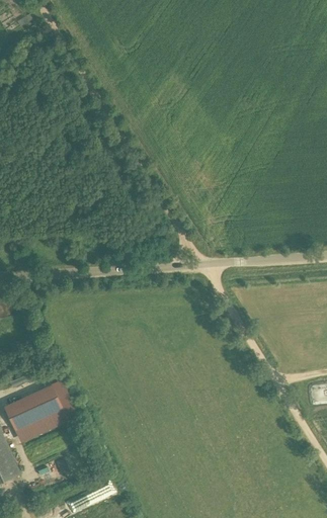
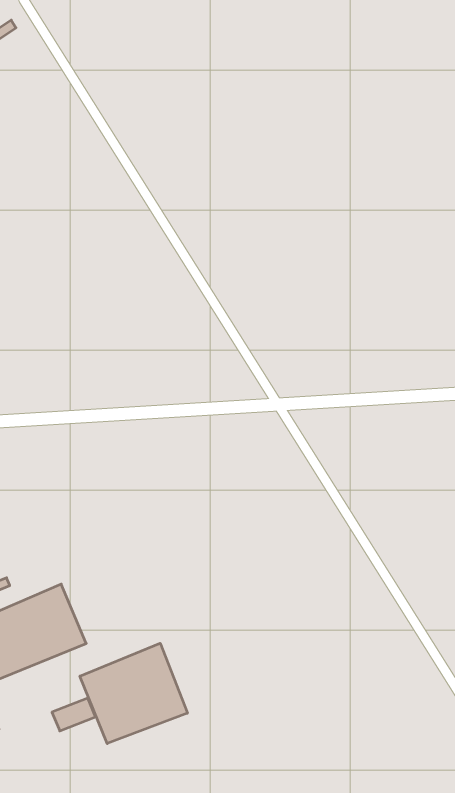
building: none -> [80,643,187,744]

